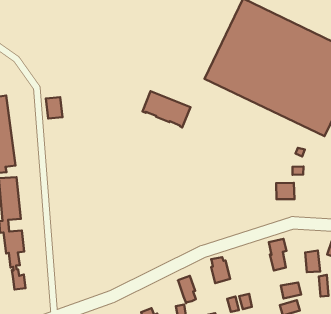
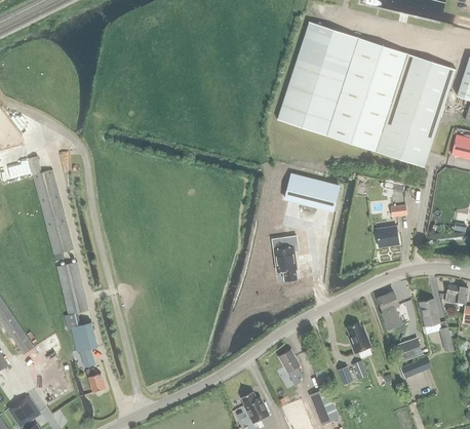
building: [142,91,190,128] -> [284,173,339,210]
building: [46,97,63,119] -> none
building: none -> [273,235,299,280]
building: [211,257,230,283] -> [346,321,370,352]

